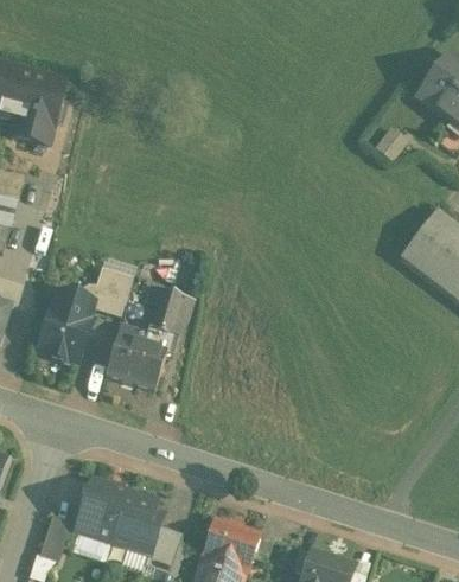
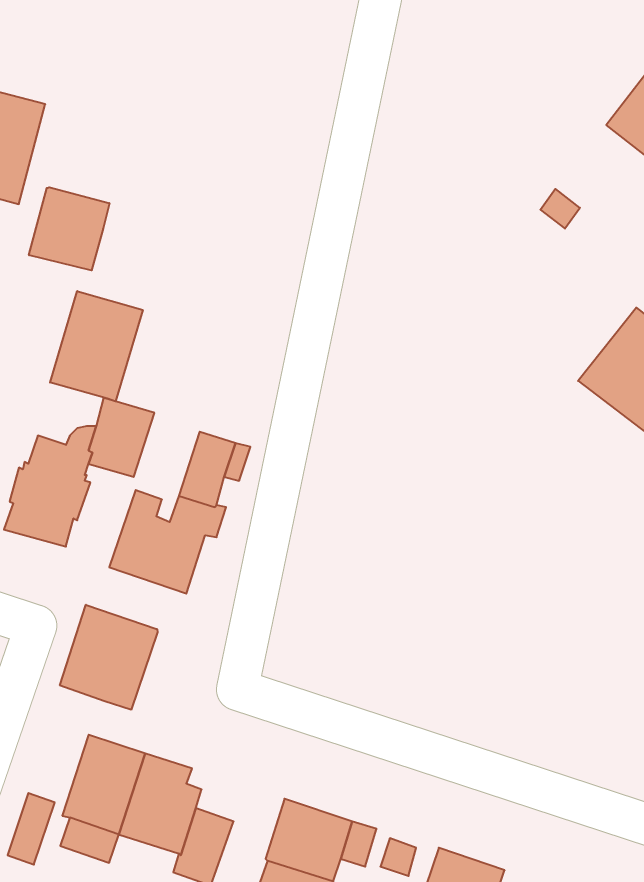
building: none -> [29,187,109,270]
building: none -> [50,291,143,401]
building: none -> [60,605,158,710]

